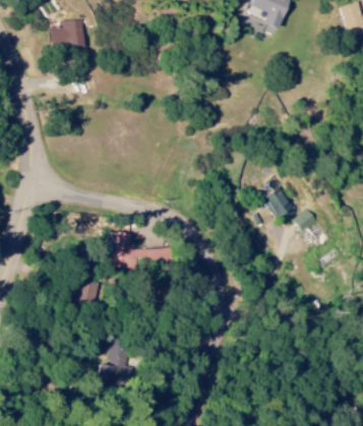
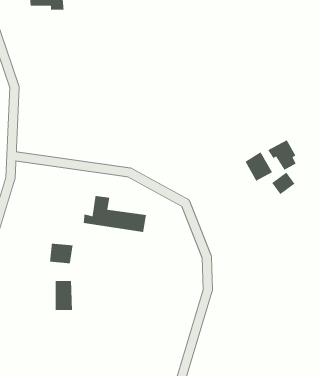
building: none -> [267,139,297,171]
building: [108,337,126,367] -> [55,280,73,311]

